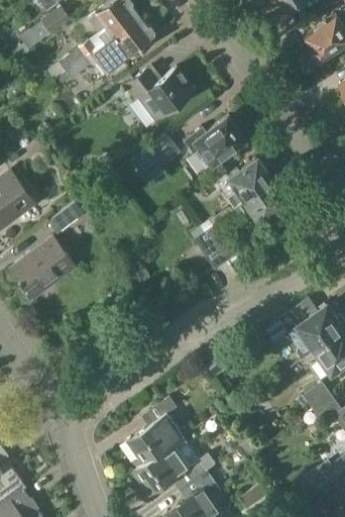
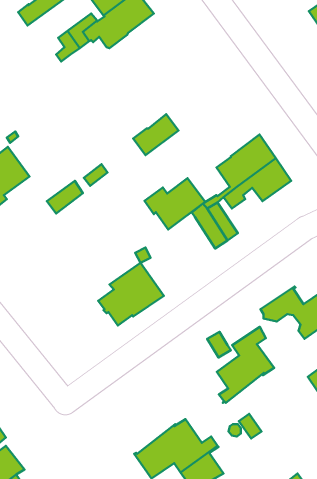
building: [122,69,192,117] -> none
building: [182,118,241,169] -> [145,178,205,230]
building: [10,235,75,297] -> [98,263,164,326]
building: [127,397,184,472] -> [217,327,274,403]

